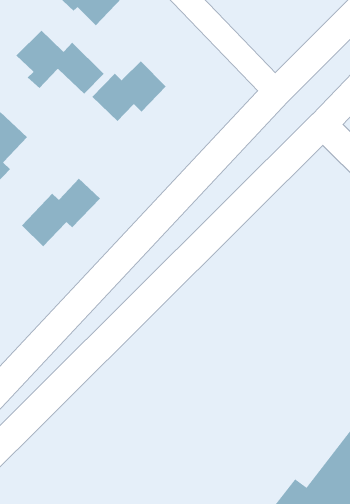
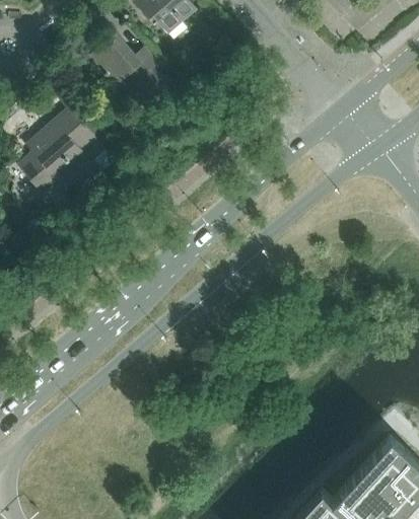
building: [92,60,167,122] -> none
building: [21,178,101,247] -> none

